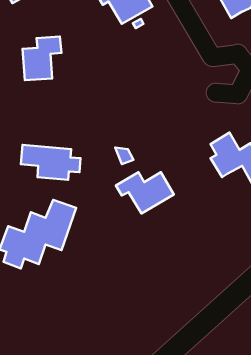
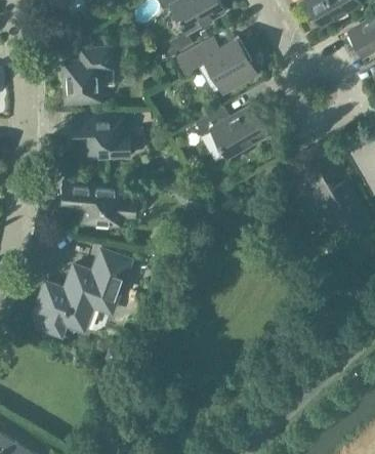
building: none -> [177,40,255,93]
building: none -> [72,116,128,158]
building: [116,172,174,214] -> [195,108,266,159]

